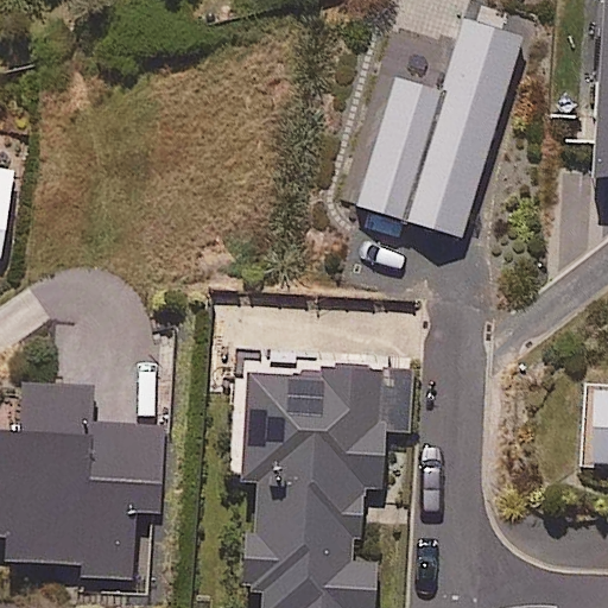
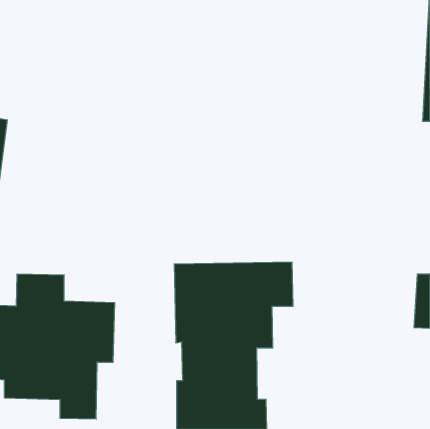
building: [356,19,524,240] -> none

